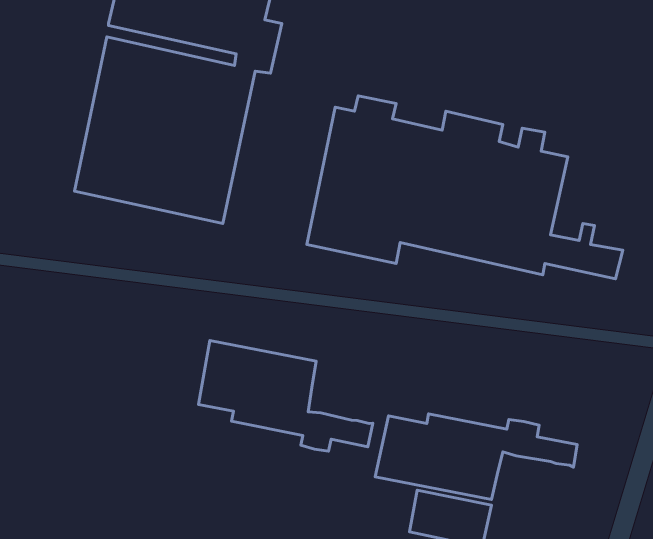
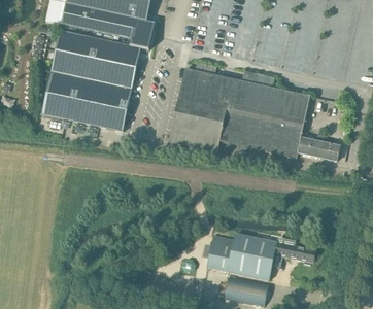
building: [198,340,373,451] -> none

